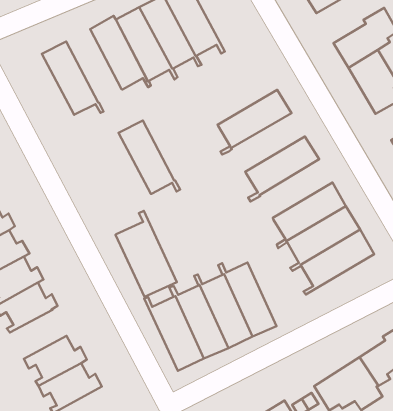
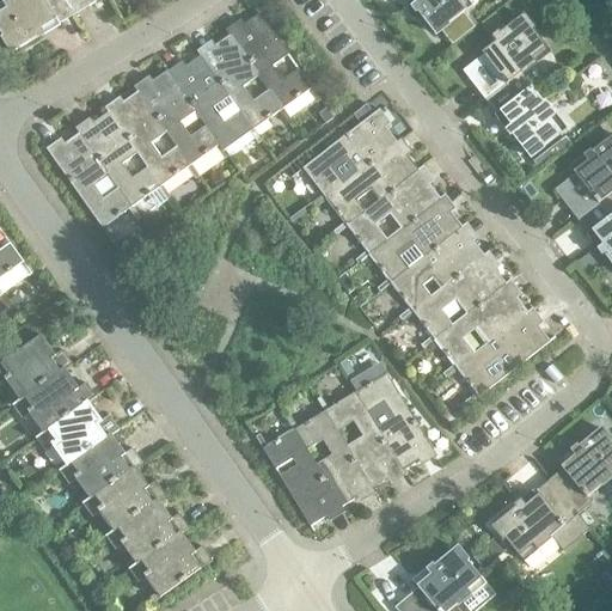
building: none -> [49,129,141,225]
building: none -> [301,109,396,203]
building: none -> [344,166,440,261]
building: [119,120,180,194] -> [109,88,200,184]
building: none -> [390,222,484,318]
building: [116,211,177,297] -> none
building: none -> [82,465,165,534]

